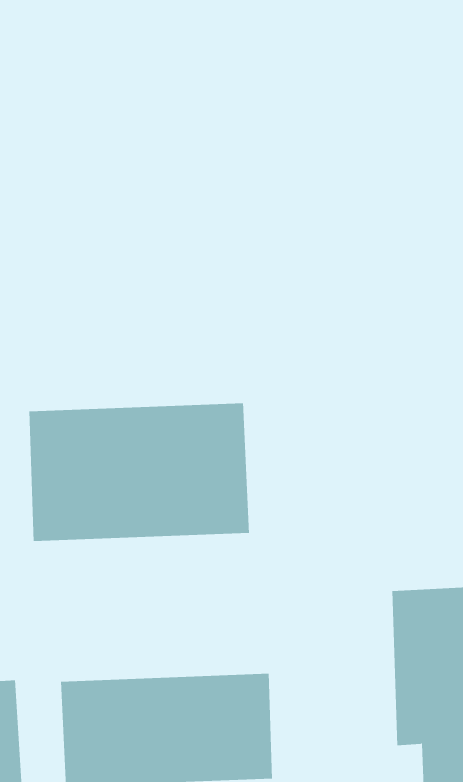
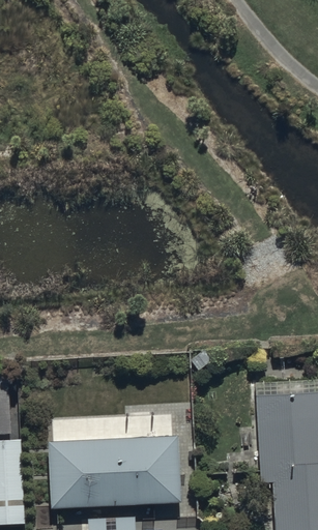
building: [29,403,250,542] -> none

